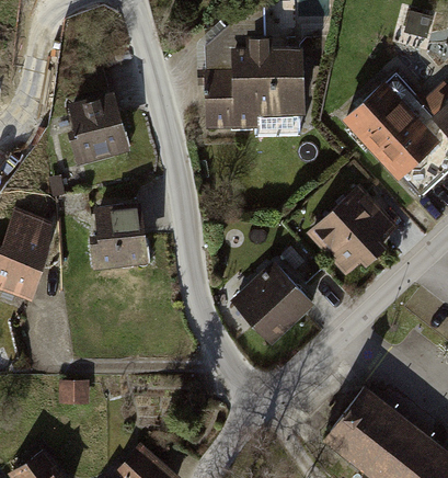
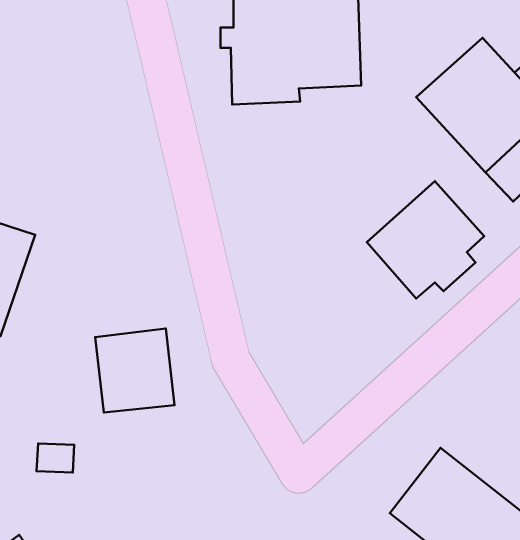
building: [71,99,135,163] -> none
building: [92,207,152,271] -> [95,328,175,412]
building: [229,260,312,343] -> none

